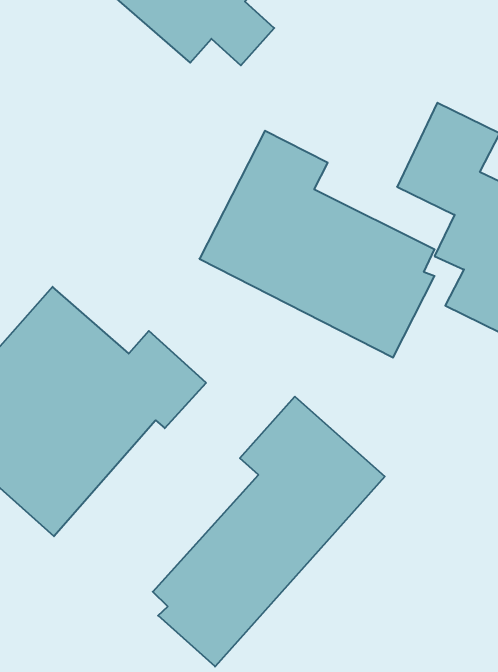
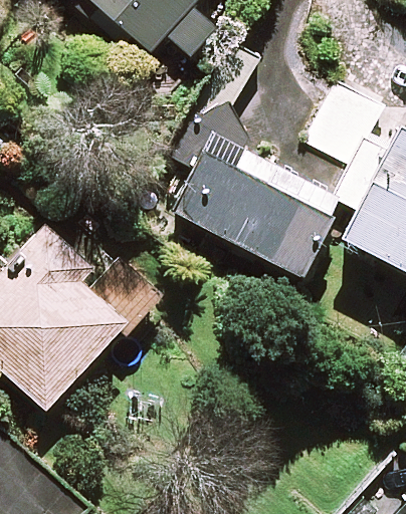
building: [153,397,385,667] -> none

